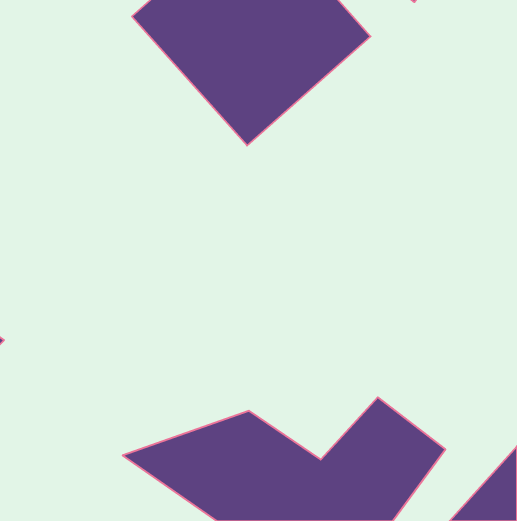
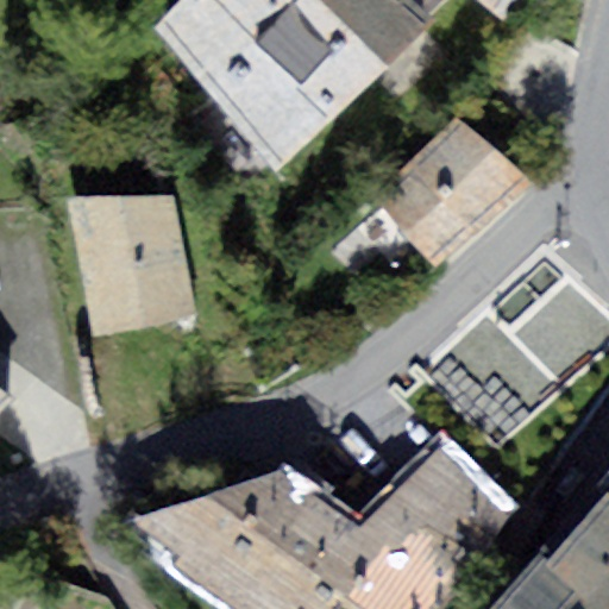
building: none -> [373,118,517,259]
building: none -> [68,196,186,329]

